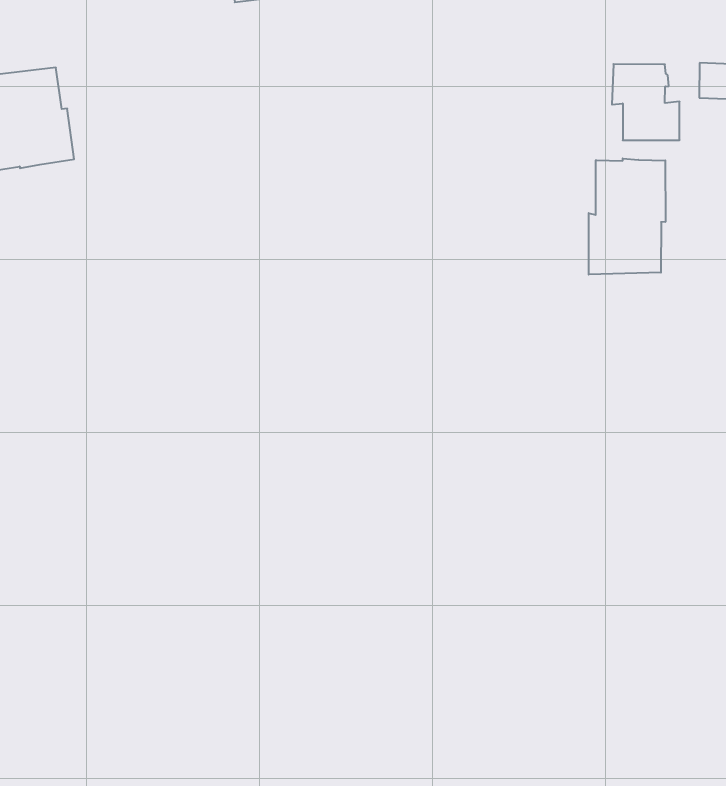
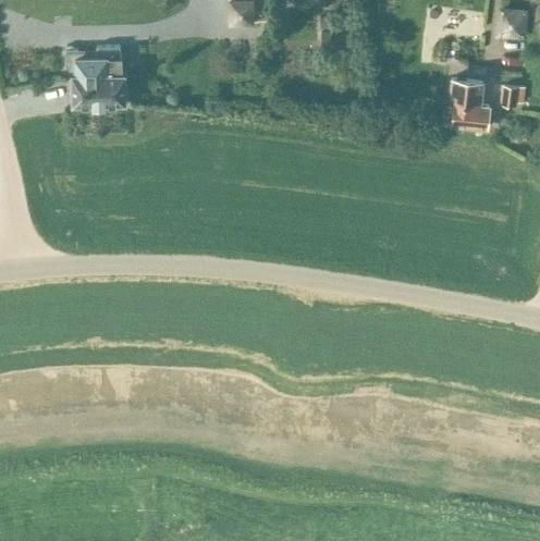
building: [589,158,665,275] -> none

